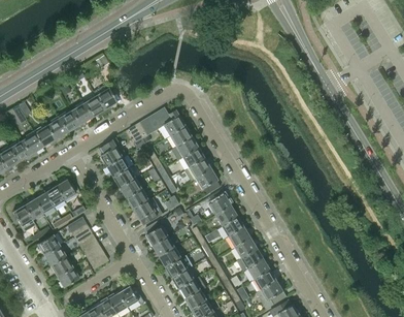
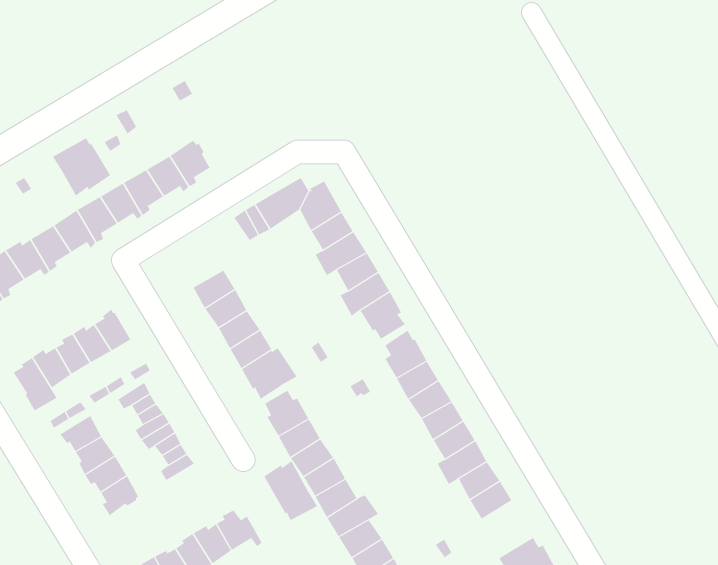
building: none -> [52,137,111,196]
building: [99,138,124,166] -> none
building: none -> [263,460,318,521]
building: [257,280,287,309] -> none

